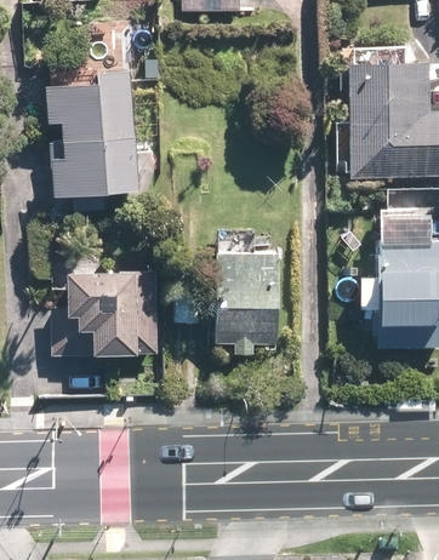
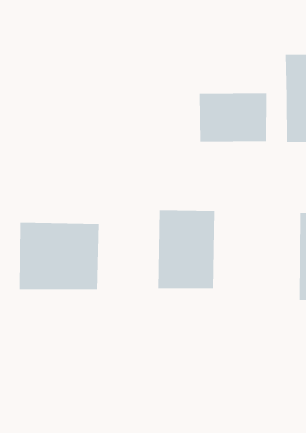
building: [44,84,139,205] -> none
building: none -> [199,92,267,142]

